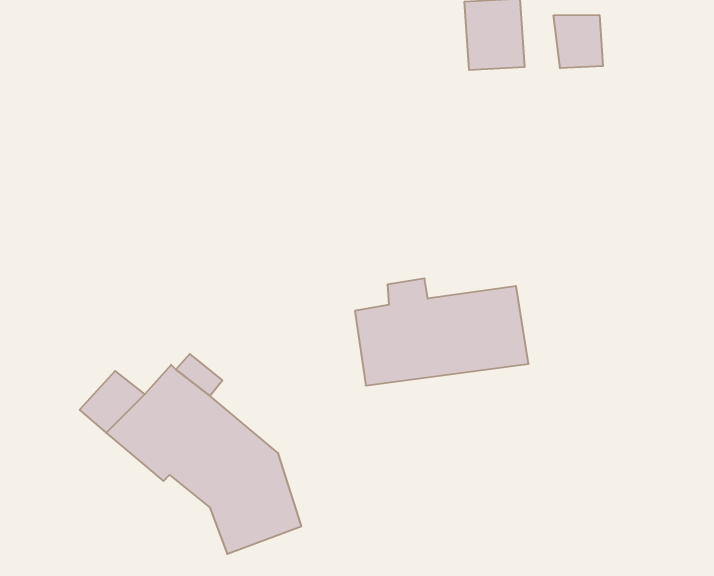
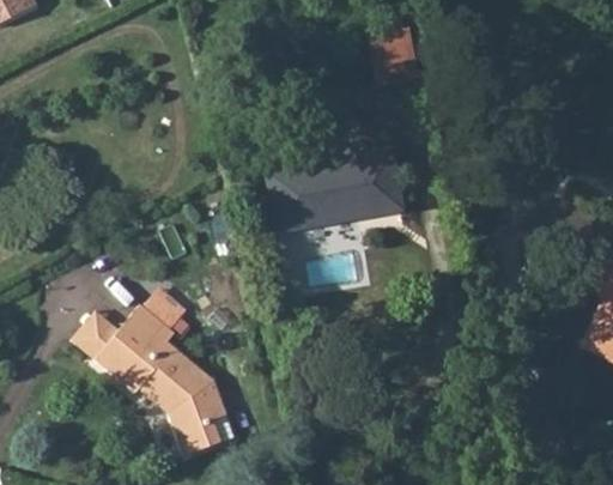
building: [554,15,603,68] -> none
building: [355,278,529,385] -> [266,148,400,231]

